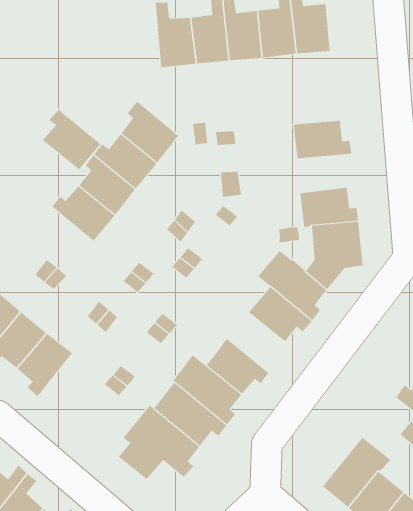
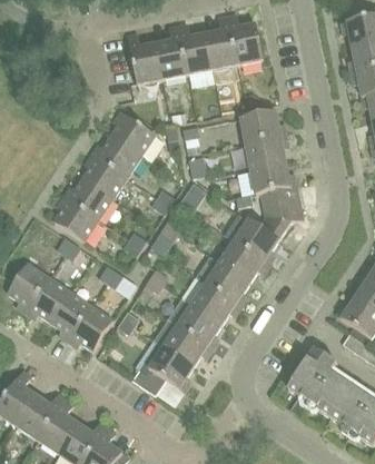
building: [42,109,101,170] -> [53,196,98,240]
building: none -> [245,135,288,168]
building: none -> [196,255,249,306]
building: none -> [67,305,112,349]

